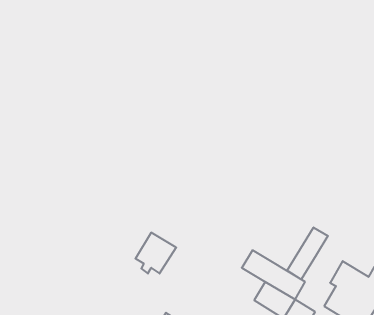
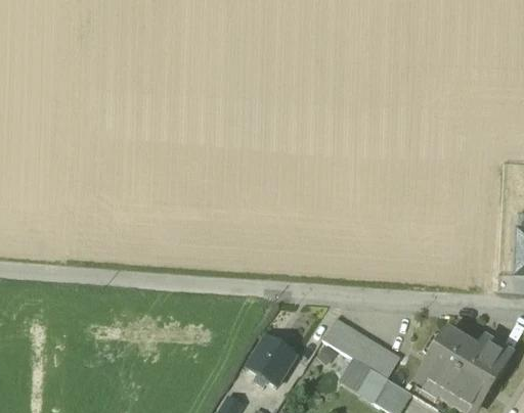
building: [287,227,328,279] -> none
building: [135,233,176,274] -> [246,335,296,385]

